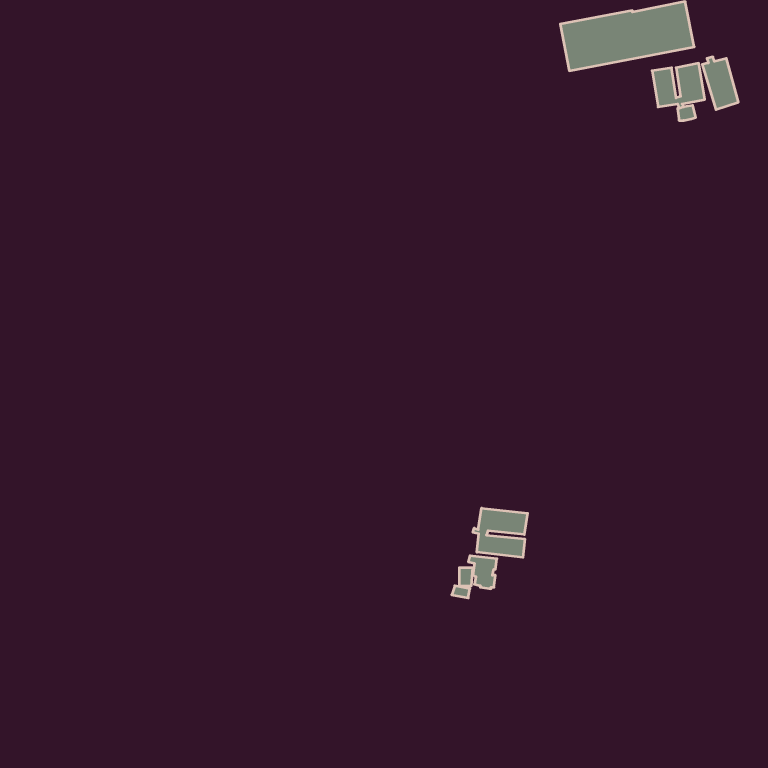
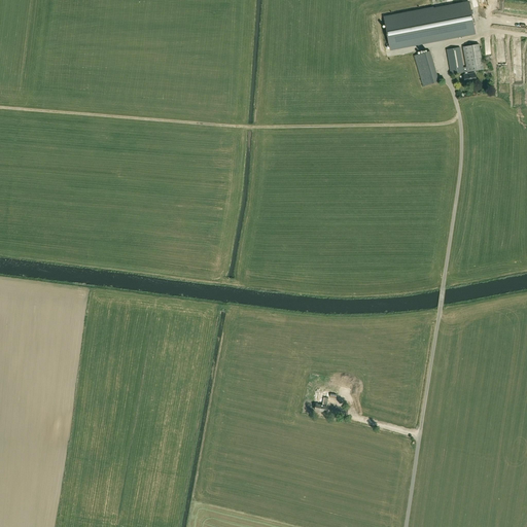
building: [702,57,738,110] -> [413,49,437,85]
building: [473,508,528,557] -> none

